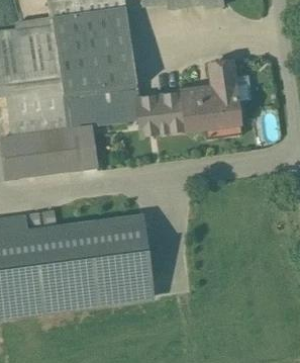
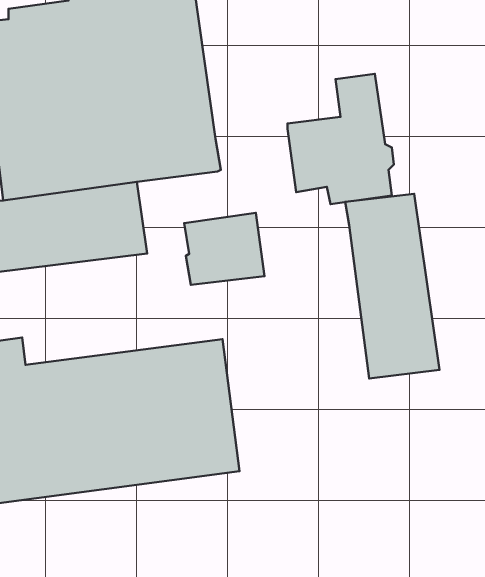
building: [138,93,186,135] -> [184,213,265,285]
building: none -> [345,194,440,379]

